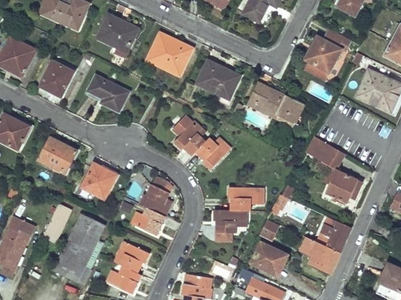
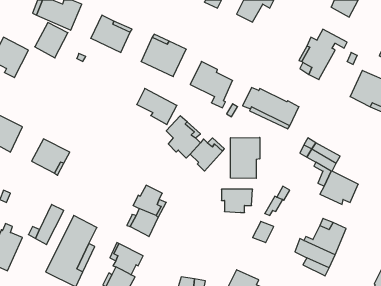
building: [40,62,73,97] -> [35,23,68,58]
building: [88,75,128,111] -> [137,88,177,125]
building: none -> [231,137,260,178]
building: [81,166,116,198] -> none
building: [213,210,246,233] -> none
building: [251,243,288,276] -> none

